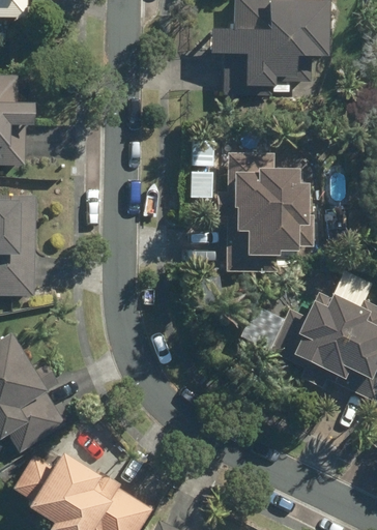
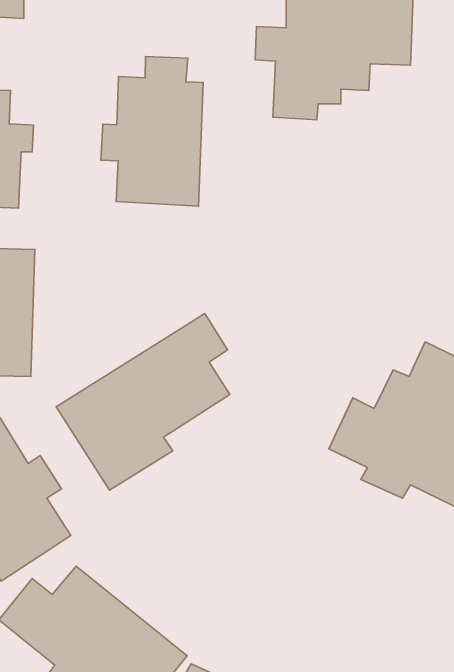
building: none -> [101,56,203,206]
building: [215,149,315,274] -> none
building: none -> [56,314,230,490]

